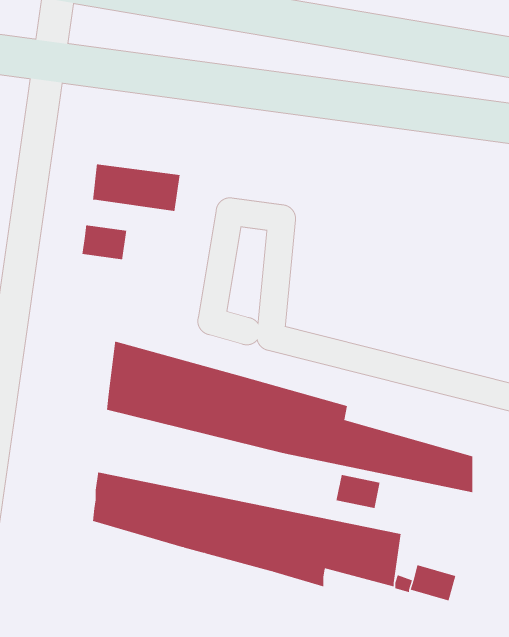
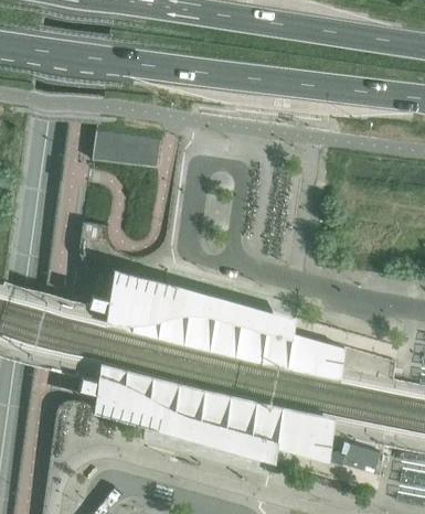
building: [82,225,127,260] -> none
building: [336,474,380,509] -> none

